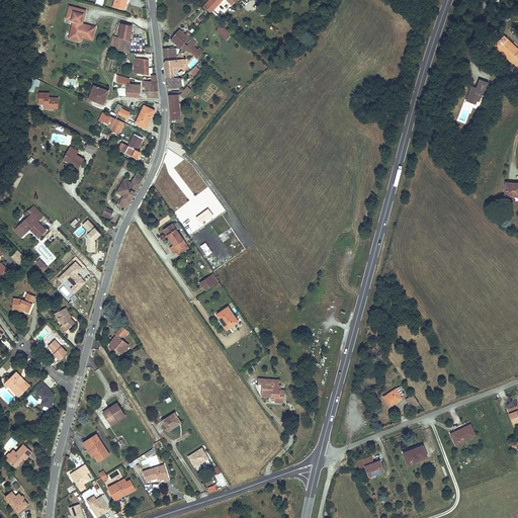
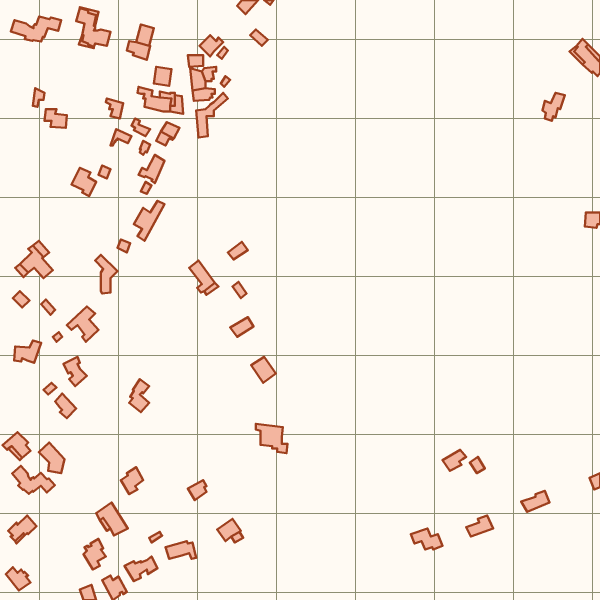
building: none -> [11,16,61,42]
building: [256,377,283,403] -> [256,424,288,453]
building: none -> [12,466,55,494]

